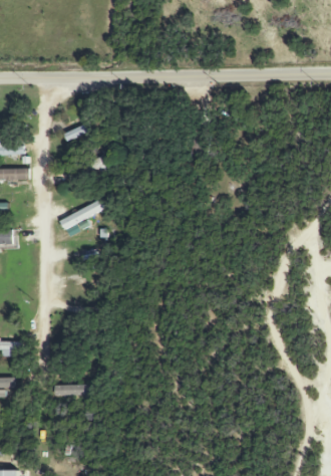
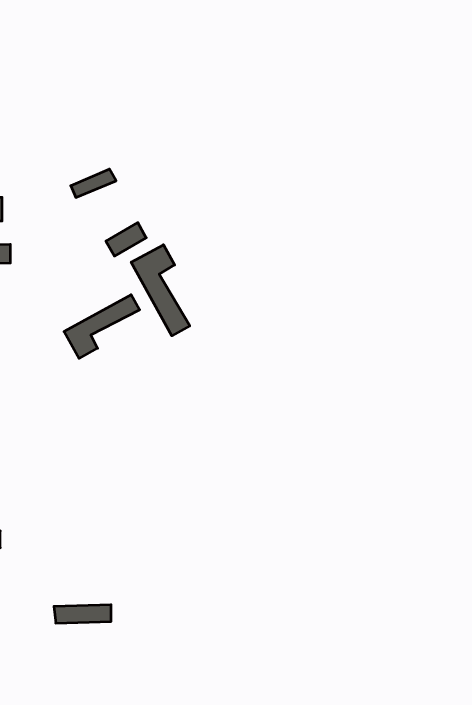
building: none -> [131,245,190,336]

